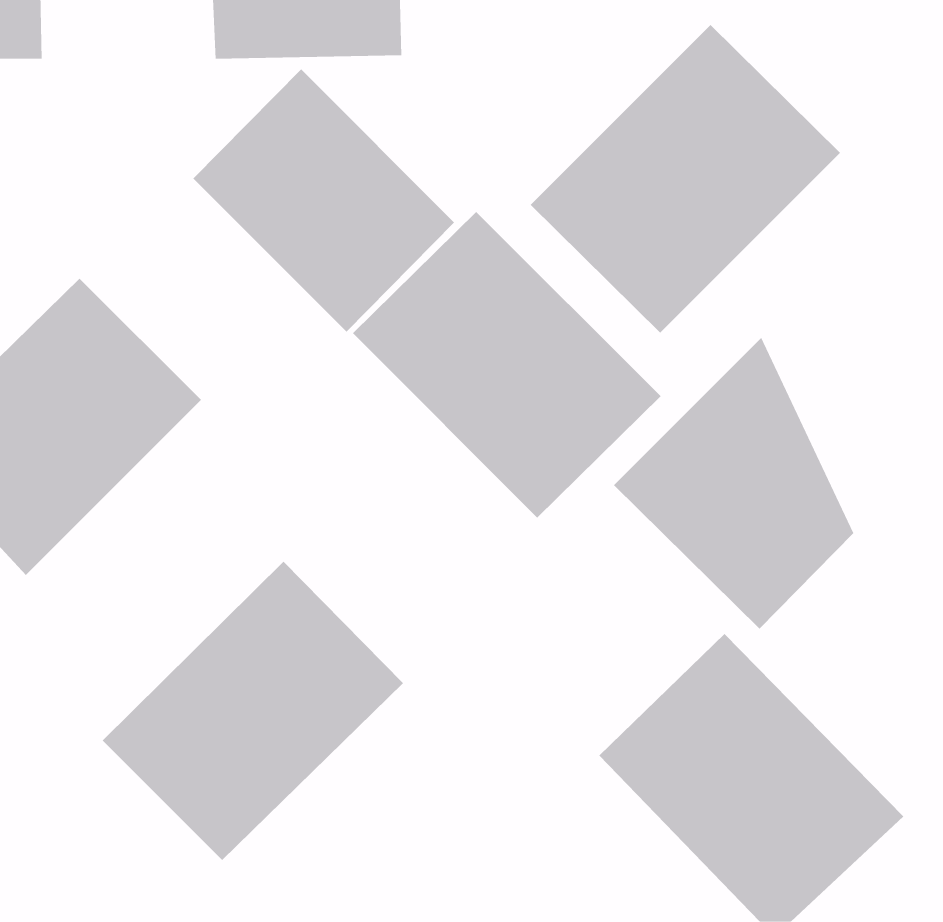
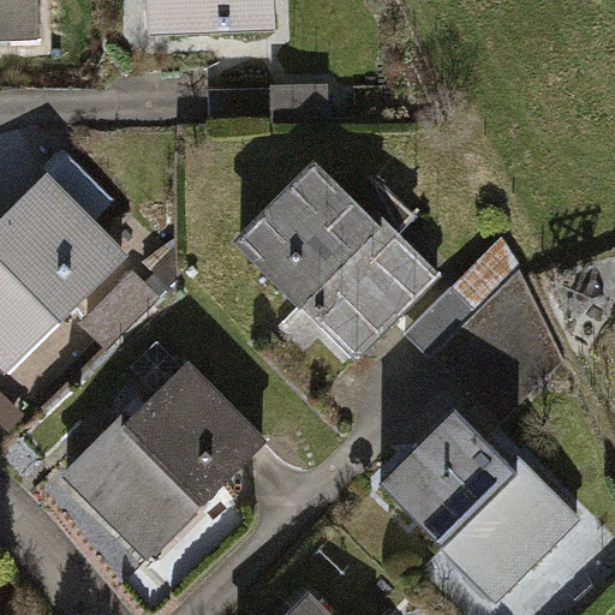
building: [530,24,841,333] -> none
building: [193,69,455,332] -> none

